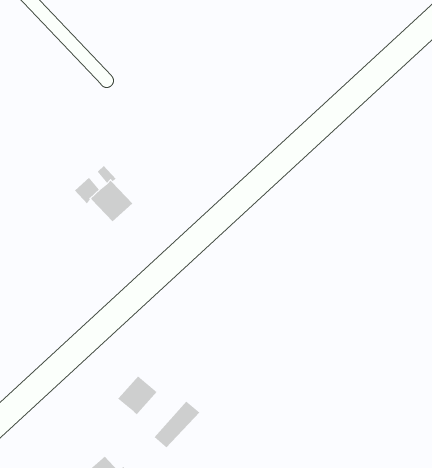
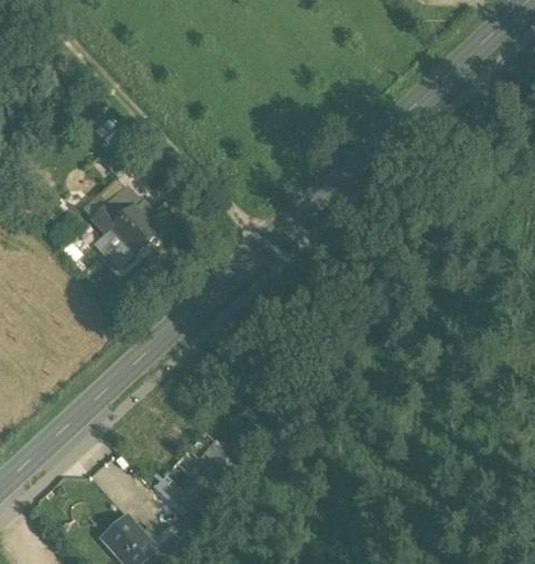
building: none -> [94,227,133,267]
building: [117,375,158,415] -> none

